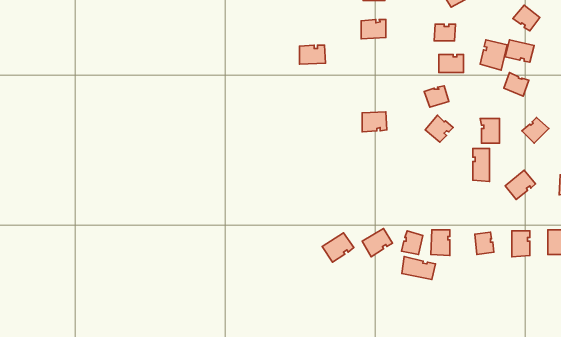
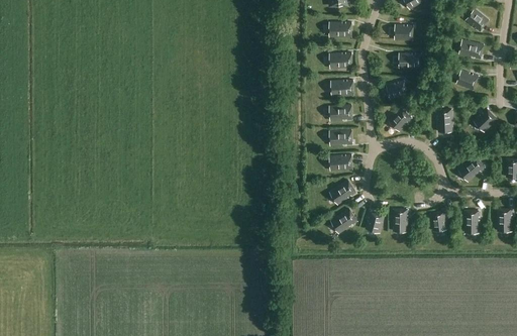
building: [480,40,507,70] -> none
building: [300,45,326,64] -> [328,51,351,69]
building: none -> [329,79,353,98]
building: none -> [328,128,351,146]
building: [473,149,489,182] -> none
building: none -> [328,153,351,172]
building: [322,233,354,262] -> [328,180,356,206]
building: [402,257,436,279] -> none

